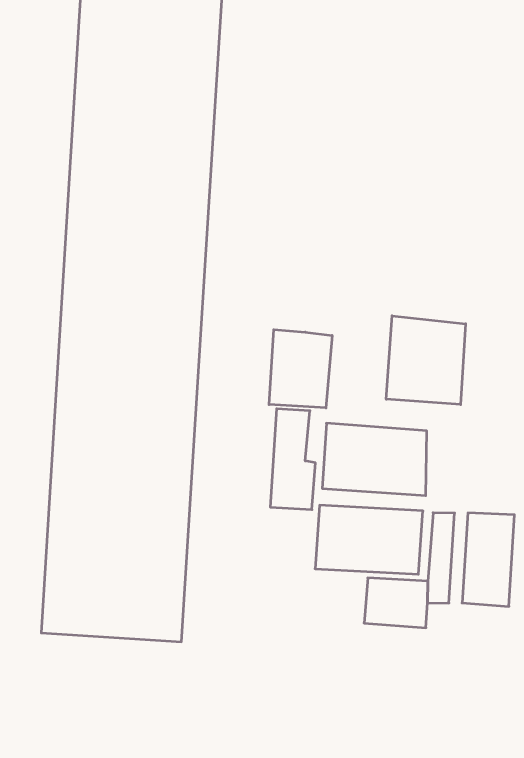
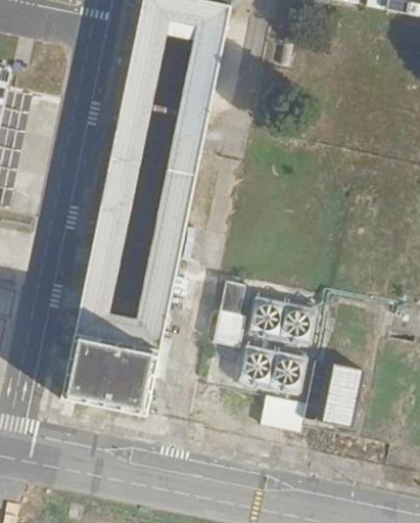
building: [386,316,466,405] -> none
building: [269,330,332,408] -> none

